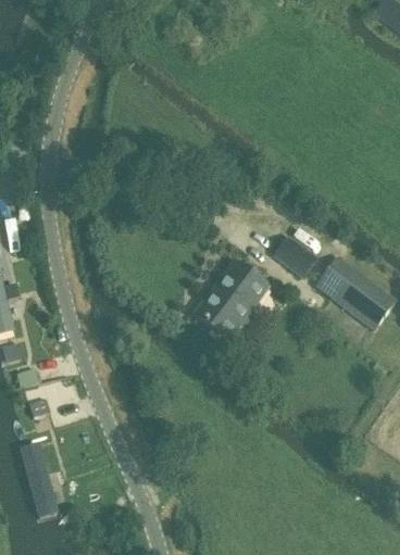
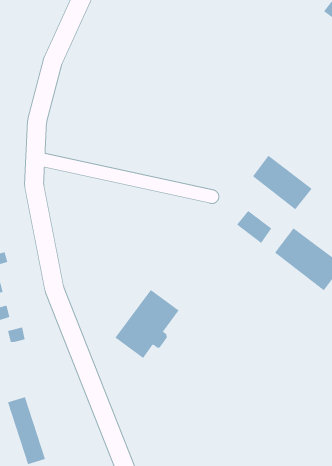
building: none -> [252,155,312,210]
building: [195,261,267,339] -> [115,289,179,359]

